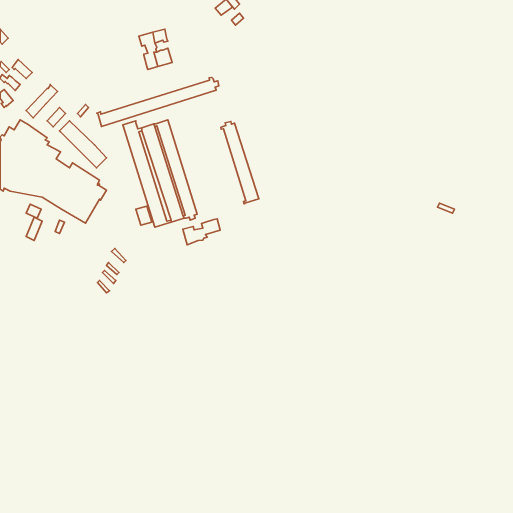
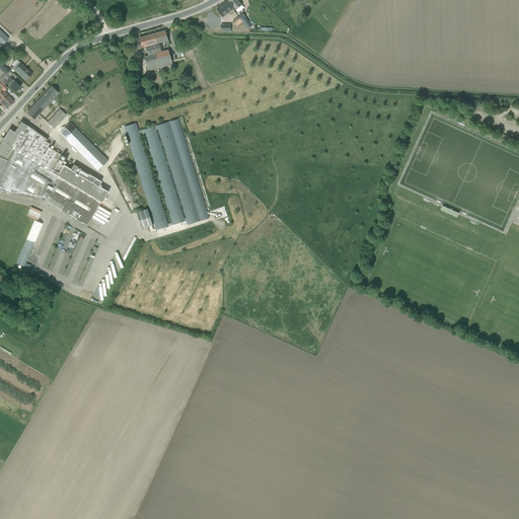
building: [97,77,219,127] -> none
building: [221,122,259,204] -> none
building: [183,219,220,245] -> none

